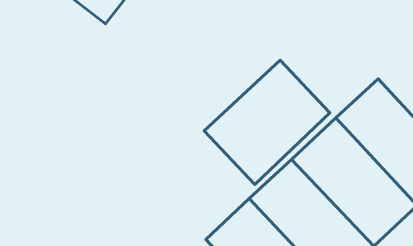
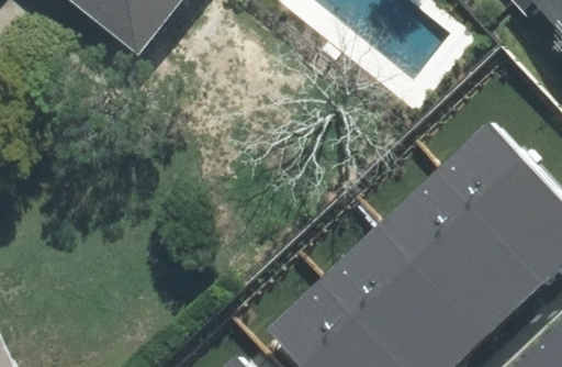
building: [204,60,330,185] -> none

